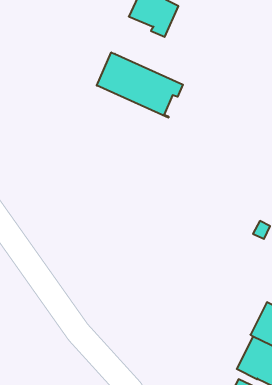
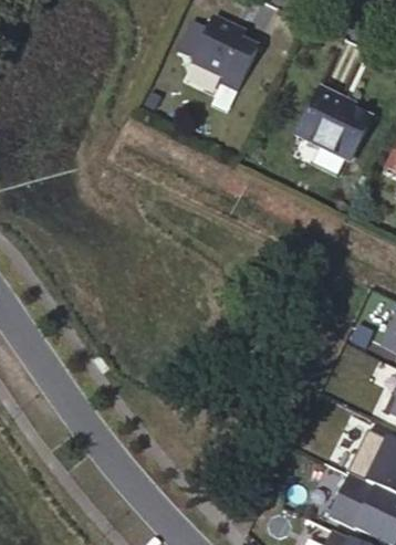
building: none -> [298,84,369,155]
building: [97,52,183,118] -> none

